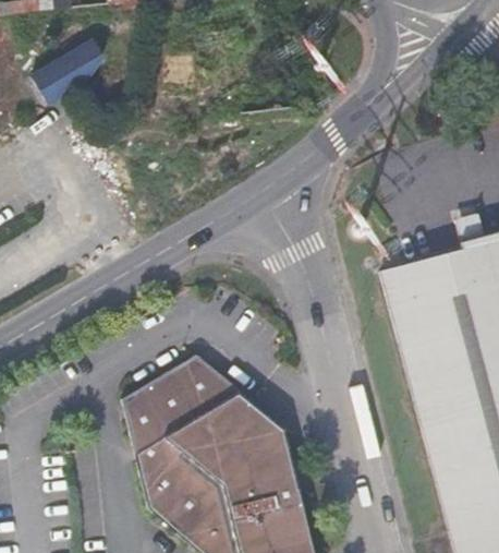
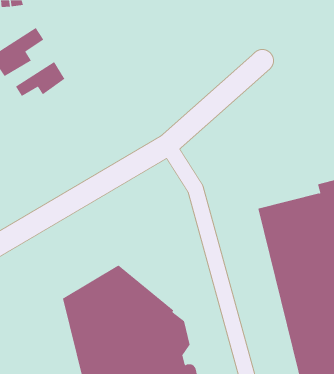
building: none -> [15,61,65,97]

